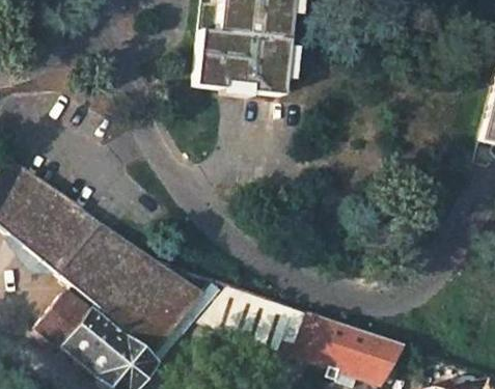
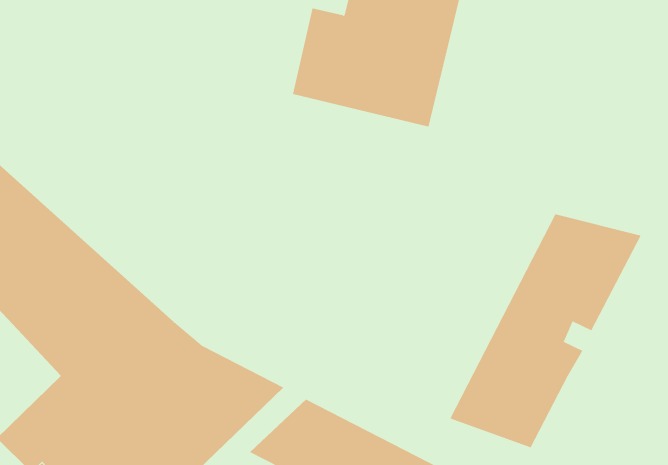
building: none -> [449,214,642,448]

